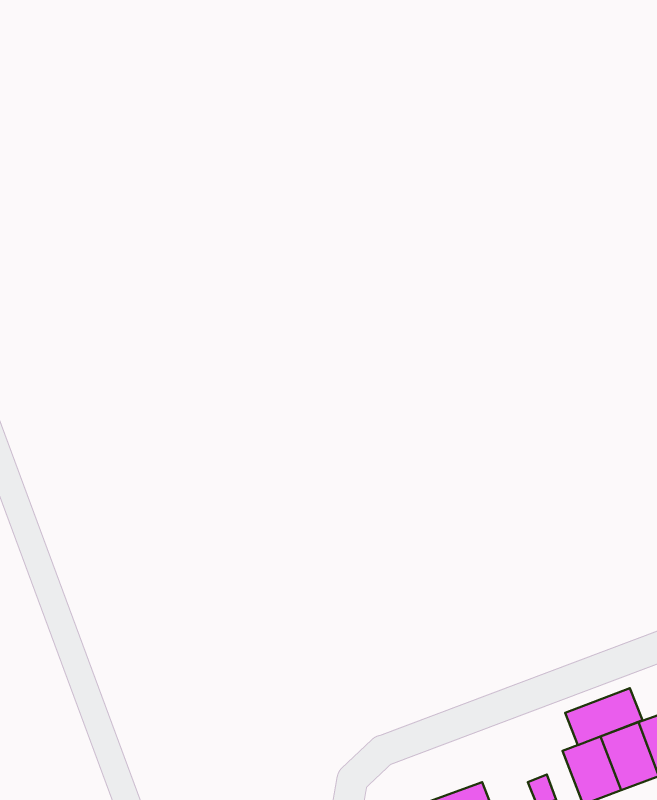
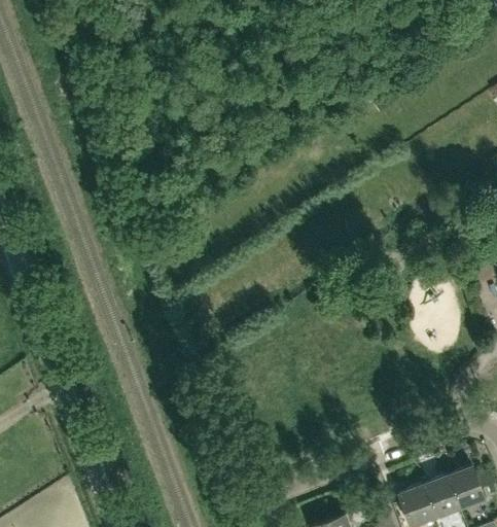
building: [565,688,642,745] -> none

